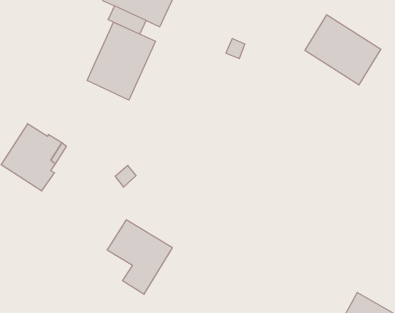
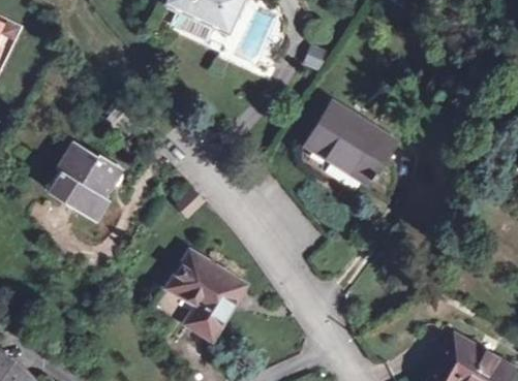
building: [305,15,381,85] -> [307,103,394,183]
building: [87,22,156,100] -> none

